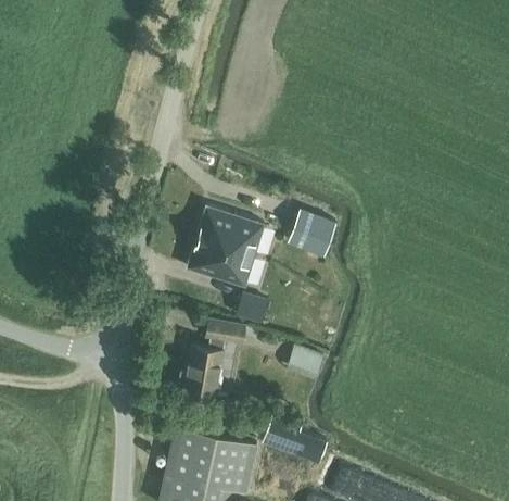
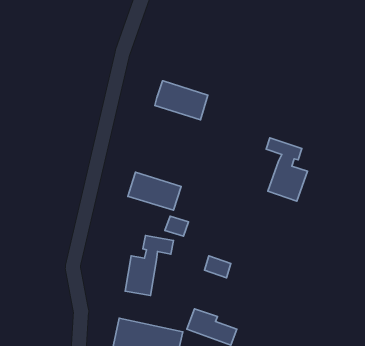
building: none -> [266,138,307,201]
building: [198,206,266,256] -> [155,81,208,120]
building: [290,211,336,255] -> none

